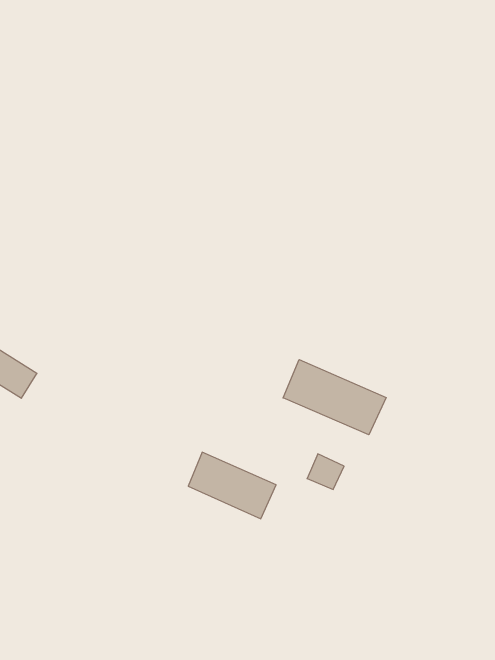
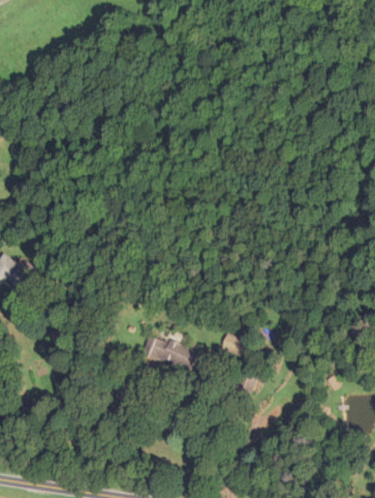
building: [283,360,386,435] -> none

